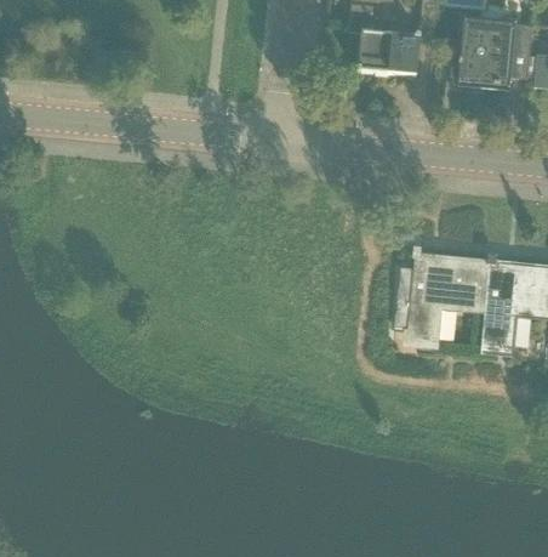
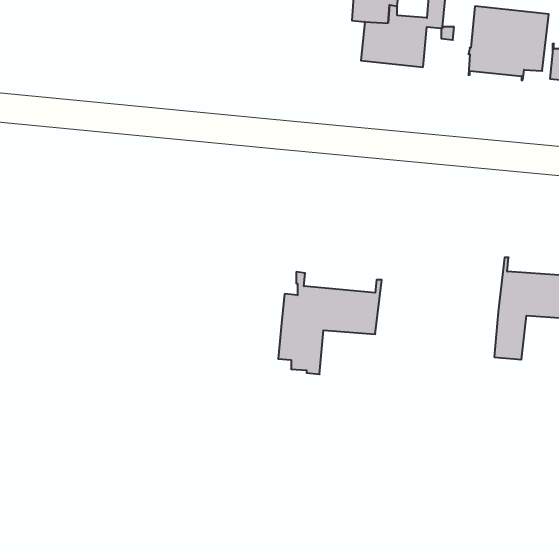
building: [395,245,492,341] -> [278,272,382,374]

